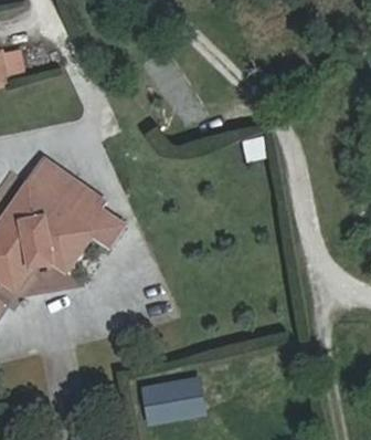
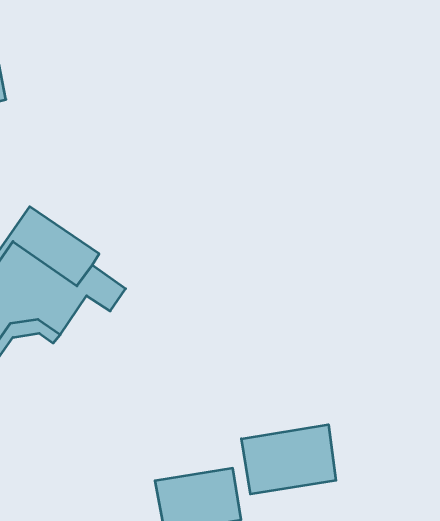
building: none -> [241,425,336,494]

